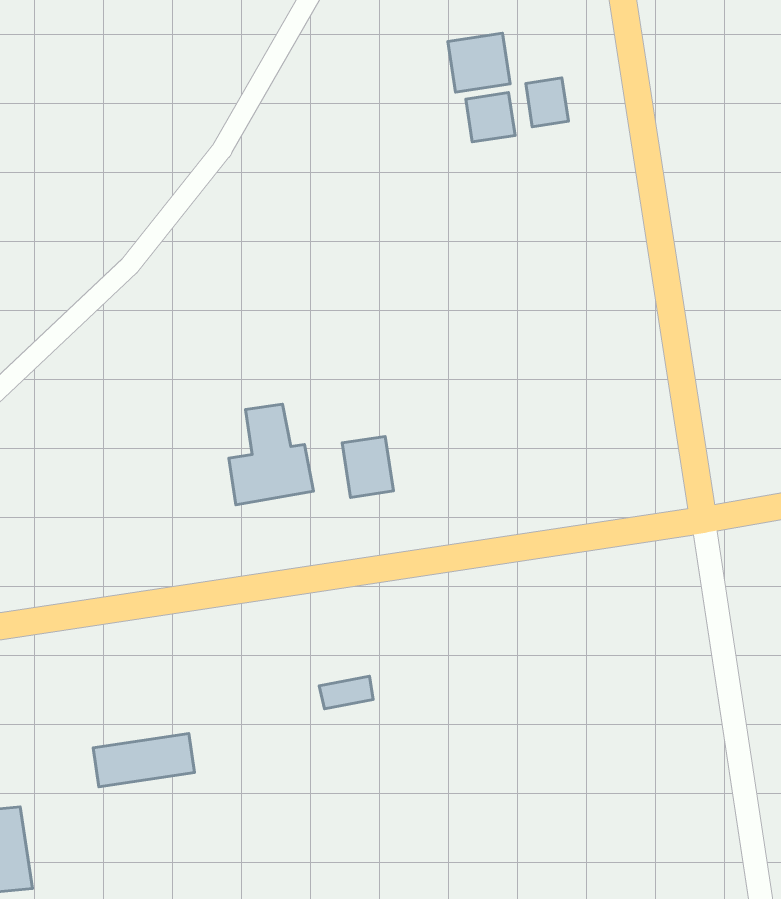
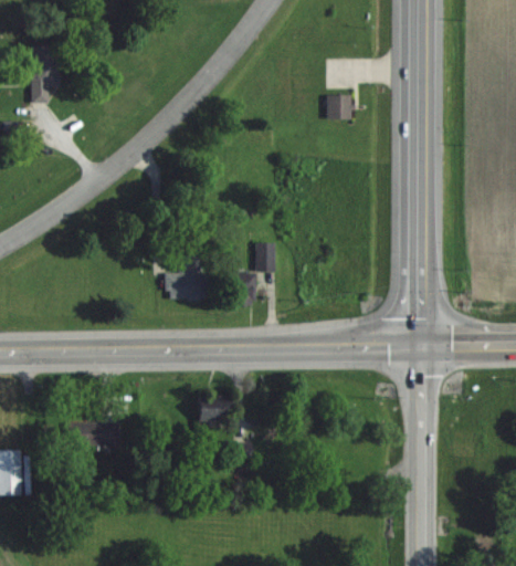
building: [448,33,510,92] -> none
building: [526,78,568,127] -> none
building: none -> [255,243,275,272]

